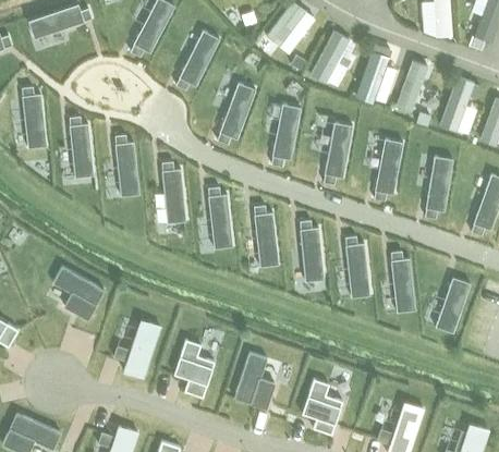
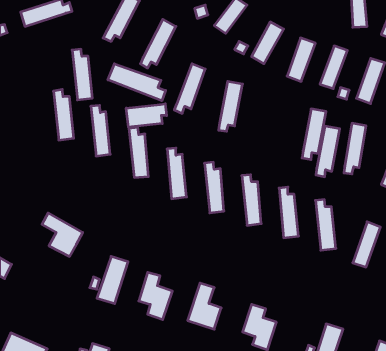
building: none -> [108,64,166,101]
building: [22,86,47,148] -> [72,49,92,100]
building: [324,123,353,185] -> [316,126,340,177]
building: none -> [126,104,167,127]

